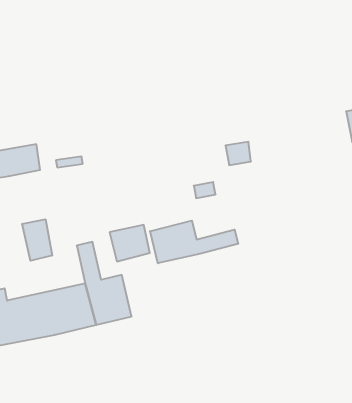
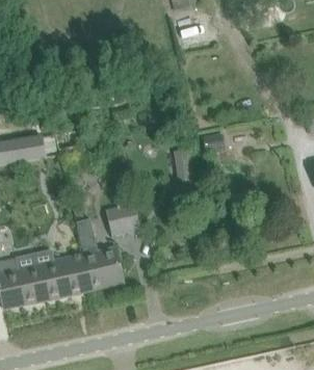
building: [22,219,52,261] -> none
building: [150,221,238,263] -> none

